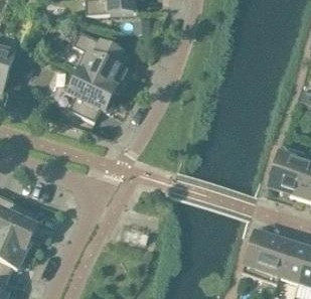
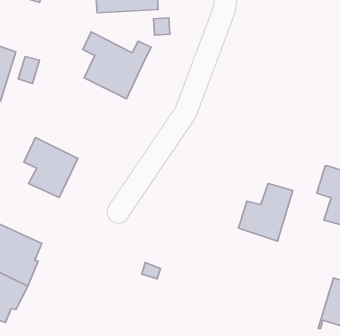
building: [64,68,111,120] -> [24,137,78,197]
building: [242,234,288,283] -> [239,183,293,241]

